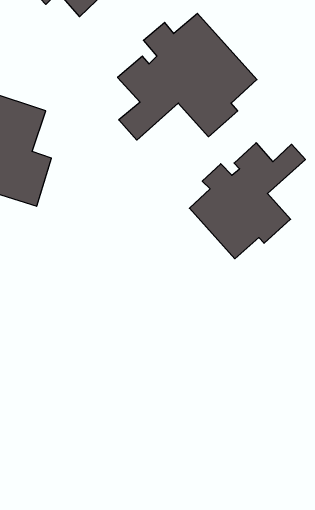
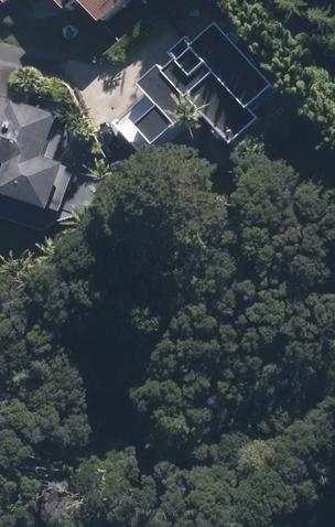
building: [189,143,305,259] -> none

